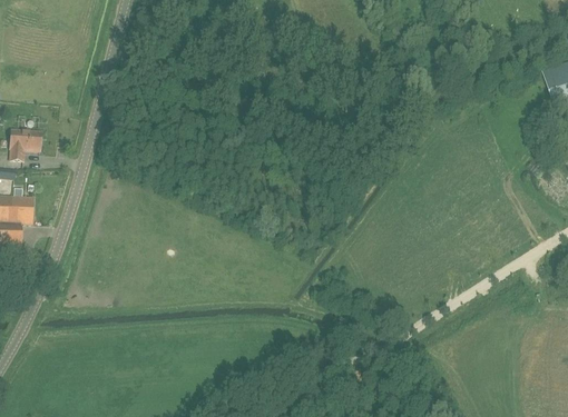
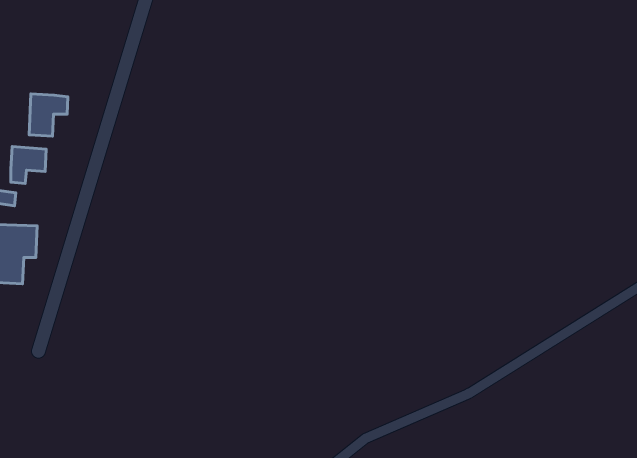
building: none -> [29,94,68,136]

